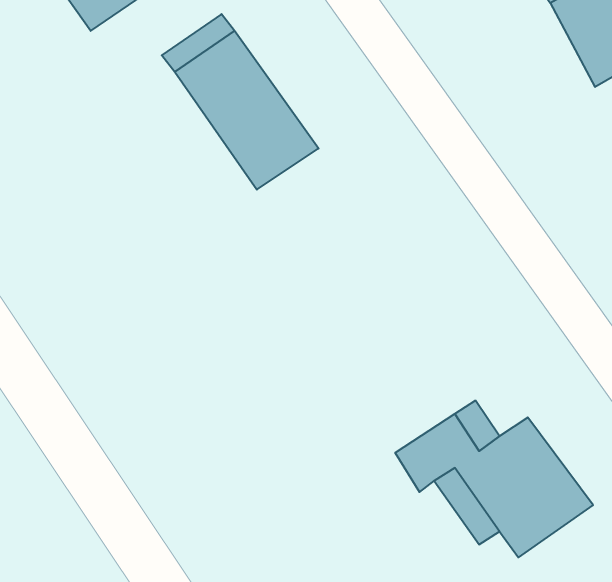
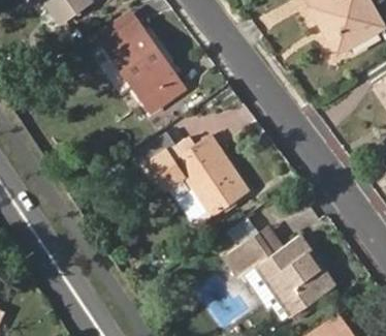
building: none -> [149,134,248,226]

